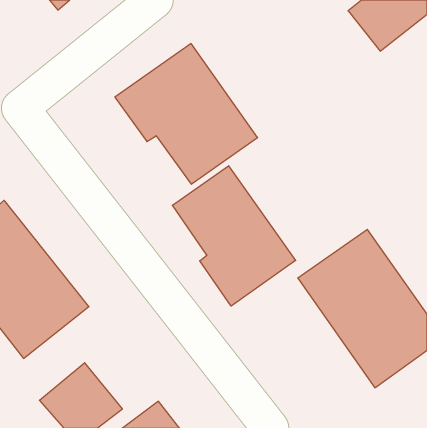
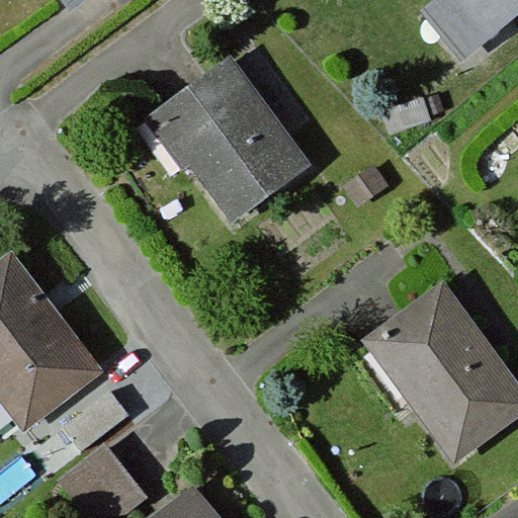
building: [172,166,296,306] -> none

